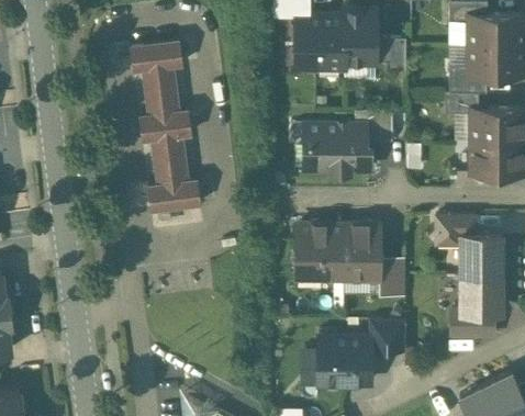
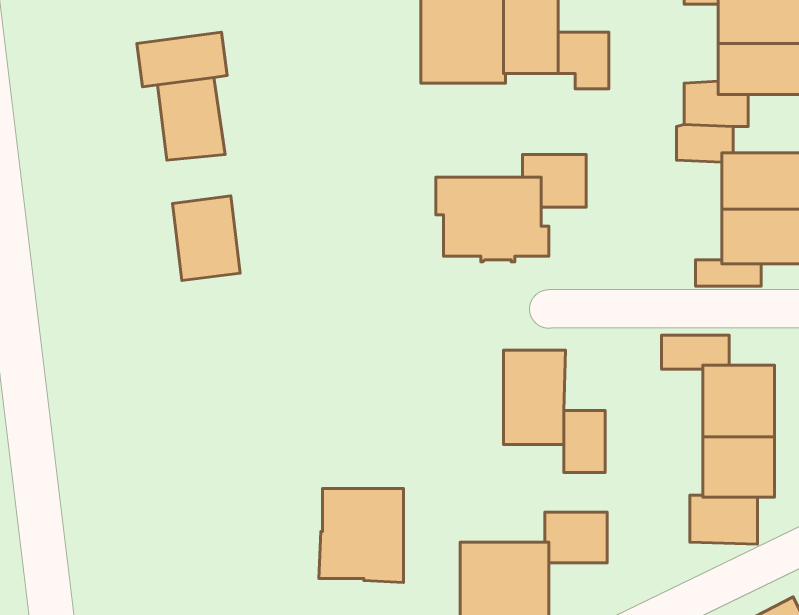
building: [138,111,191,142] -> none
building: [147,180,200,212] -> none
building: [294,226,344,281] -> [319,488,403,582]

